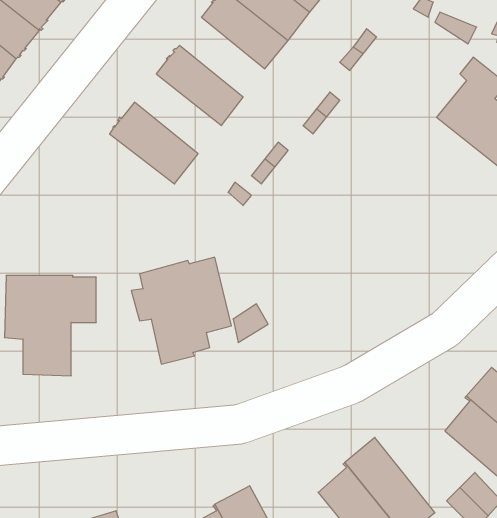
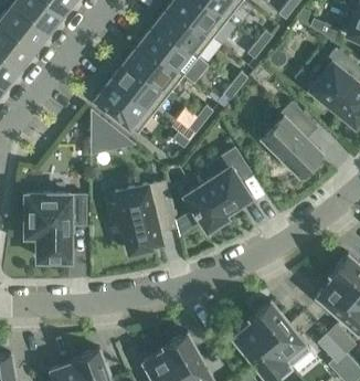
building: none -> [140,24,197,77]
building: none -> [110,62,168,115]
building: none -> [261,103,320,176]
building: none -> [89,110,133,155]
building: none -> [184,149,248,231]

